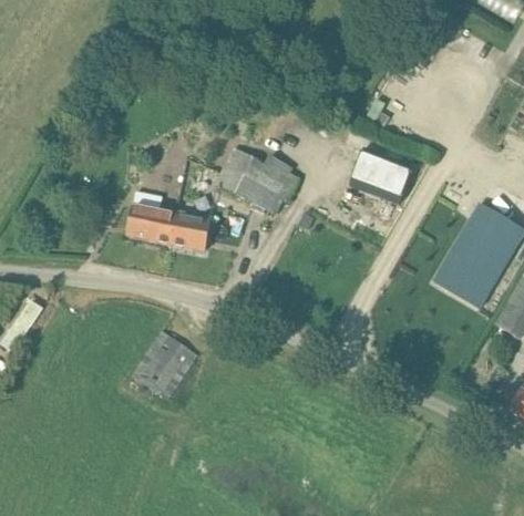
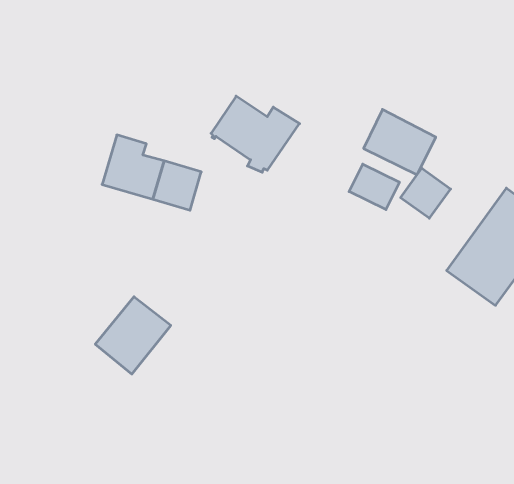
building: none -> [401,168,451,218]
building: none -> [349,164,399,210]

